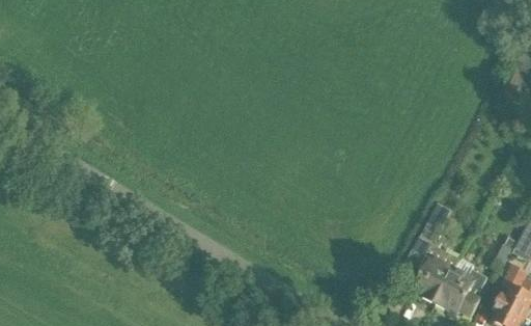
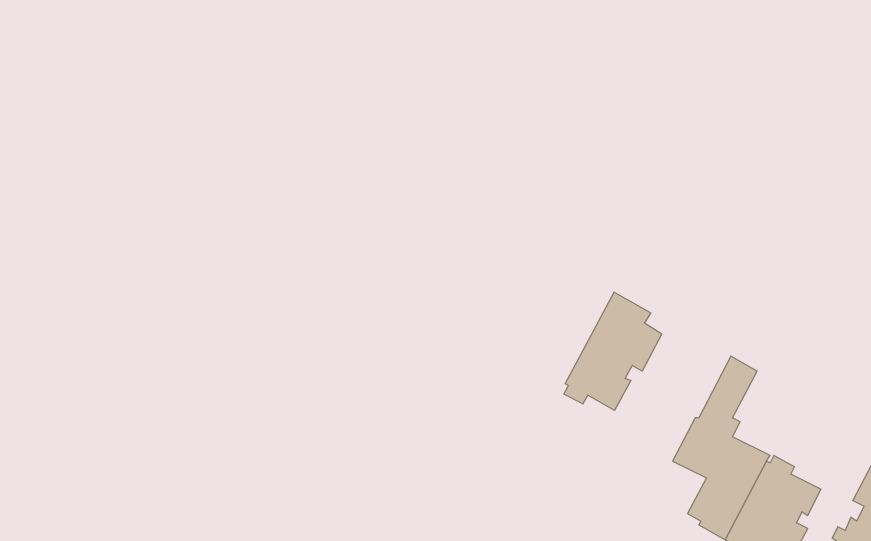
building: none -> [564,292,662,410]

